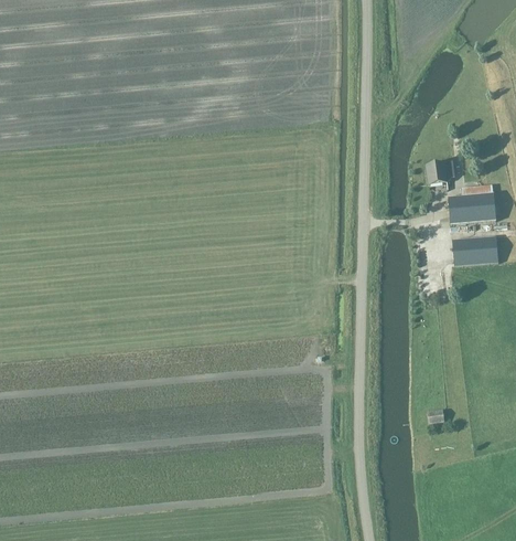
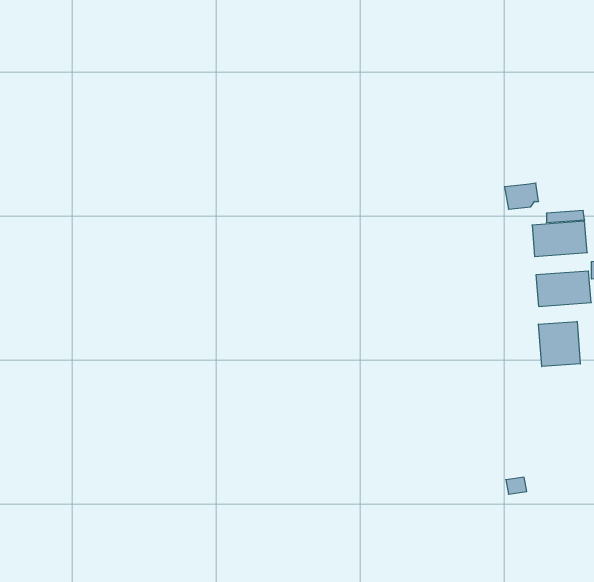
building: none -> [539,321,580,367]

